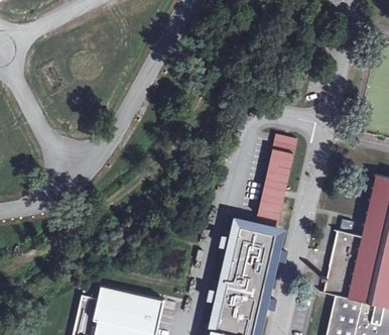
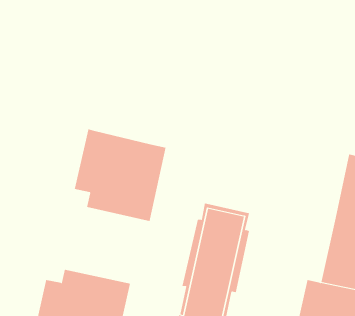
building: [254,134,295,227] -> none
building: none -> [74,129,166,222]
building: [322,231,362,299] -> none

